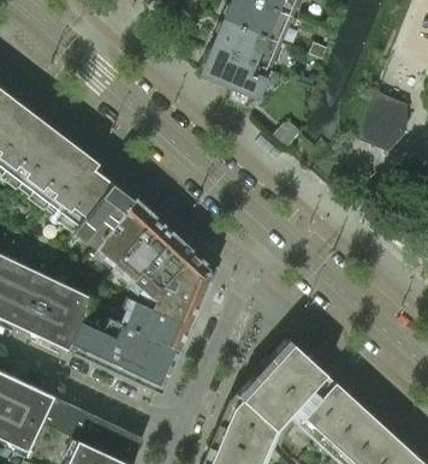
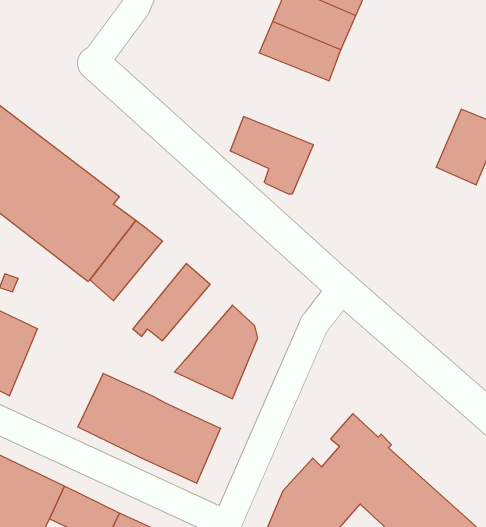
building: [201,46,268,108] -> [230,117,313,194]
building: [89,198,153,263] -> none
building: [127,233,190,295] -> none
building: [10,269,89,349] -> none
building: [123,297,190,350] -> none

